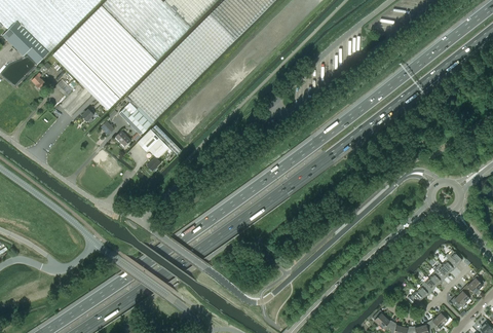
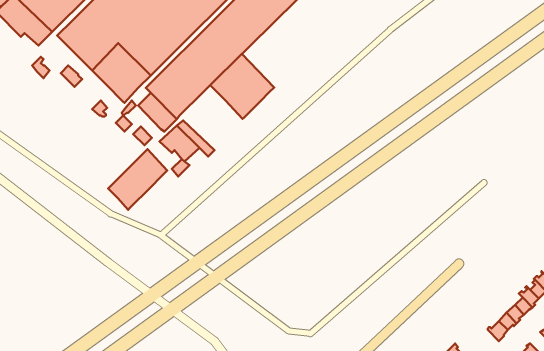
building: none -> [210,54,274,119]
building: none -> [108,149,167,210]

